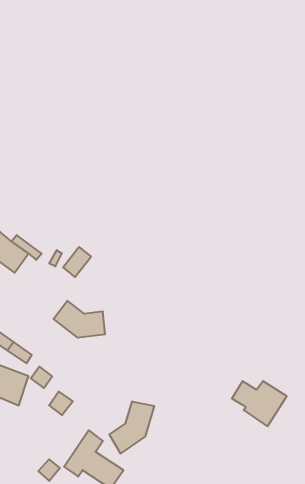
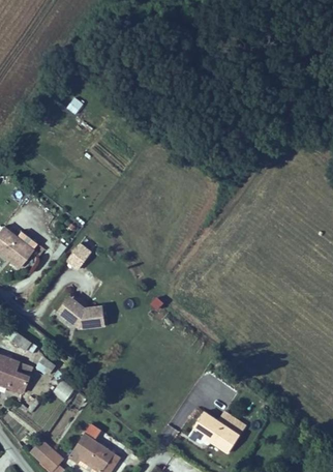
building: [232,381,287,426] -> [193,412,246,455]
building: [109,401,154,454] -> none

